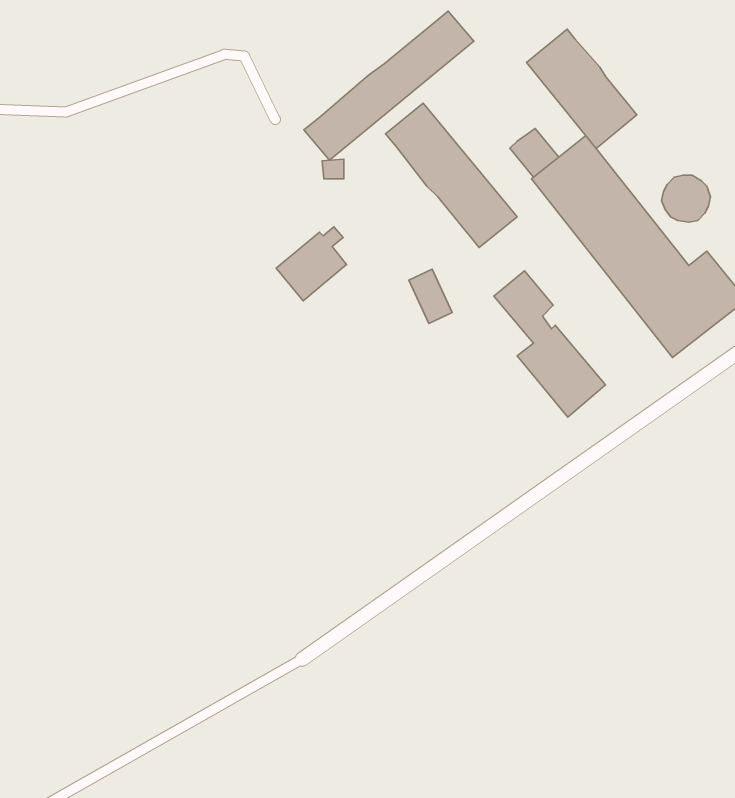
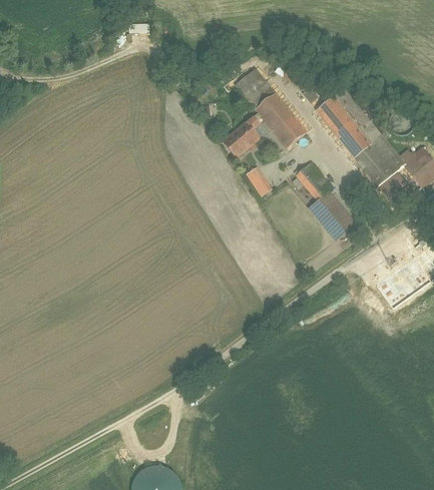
building: [304,11,474,160] -> none
building: [526,29,637,148] -> none
building: [276,227,347,301] -> [221,117,260,158]

